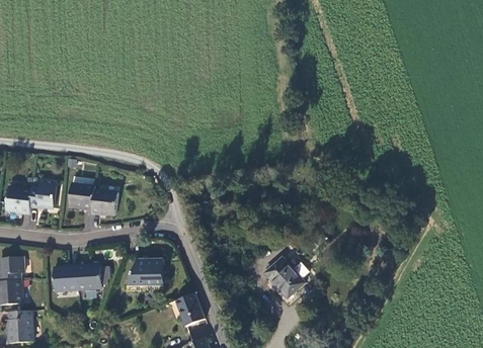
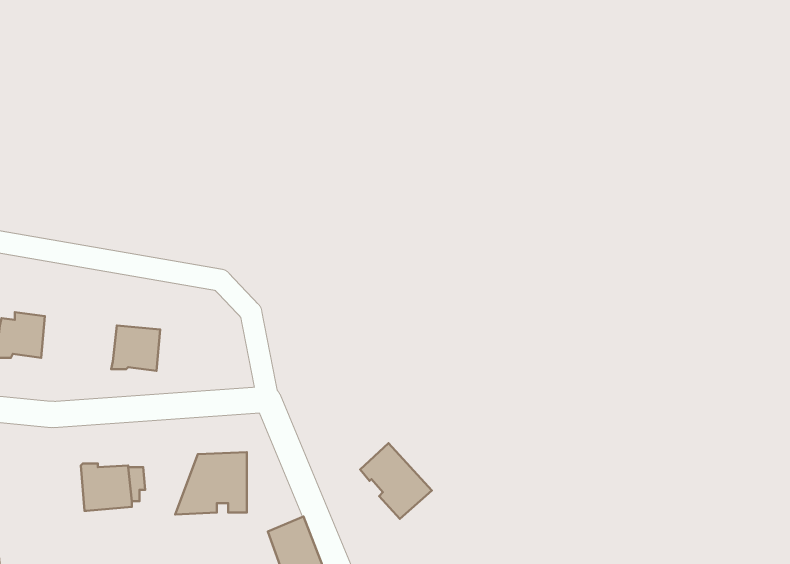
building: [68,183,94,209] -> none
building: [265,257,304,297] -> [360,443,432,519]
building: [52,265,76,290] -> none

